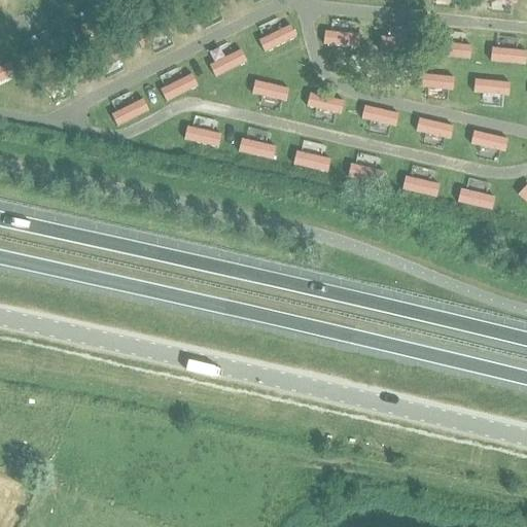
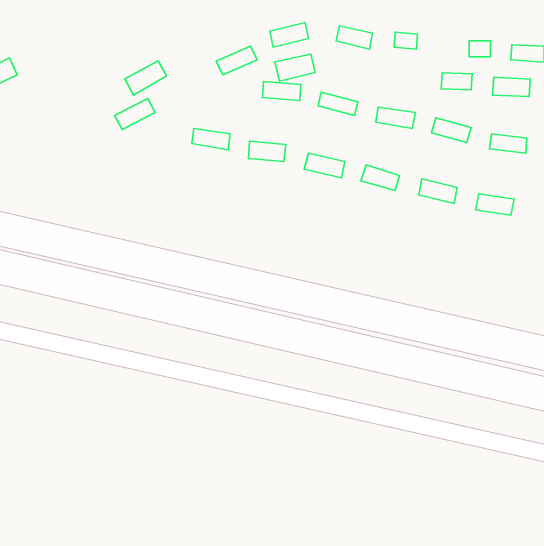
building: none -> [275,54,315,81]
building: [159,69,199,102] -> [125,61,167,95]

